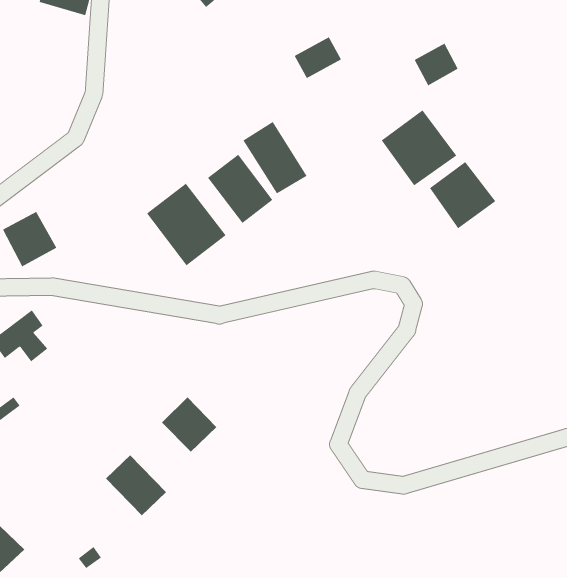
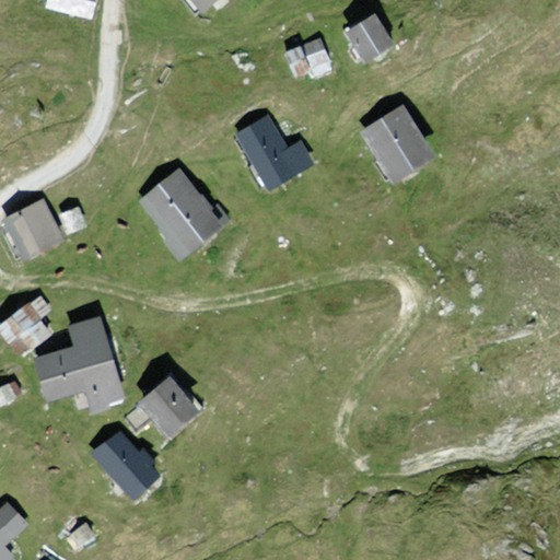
building: [414,43,459,86] -> [343,13,386,55]
building: [207,154,273,224] -> none
building: [429,161,496,229] -> none
building: none -> [35,320,126,407]

